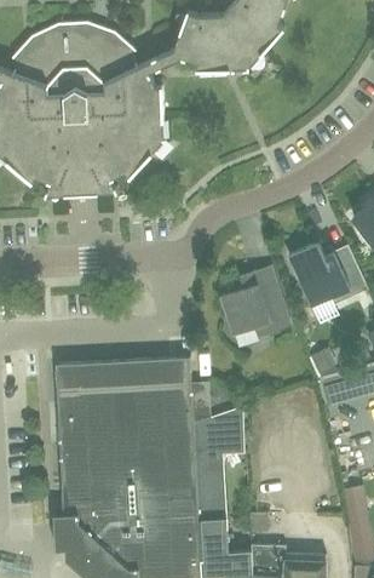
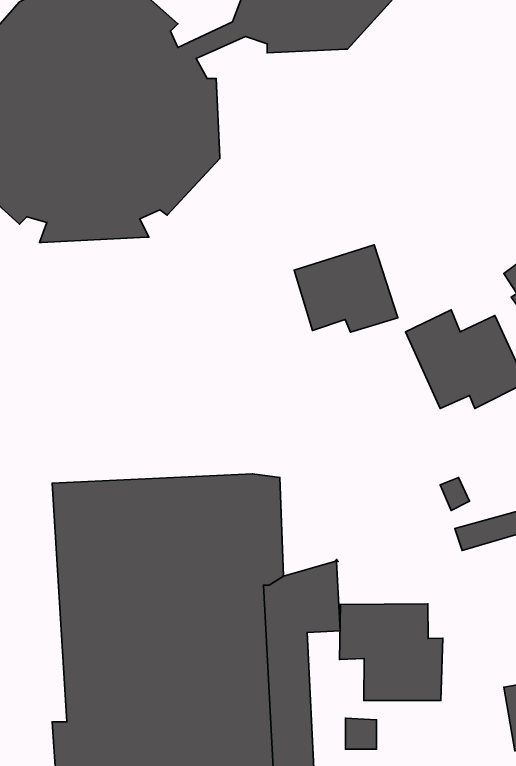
building: [221,280,290,338] -> [294,245,398,332]
building: none -> [340,604,443,701]

